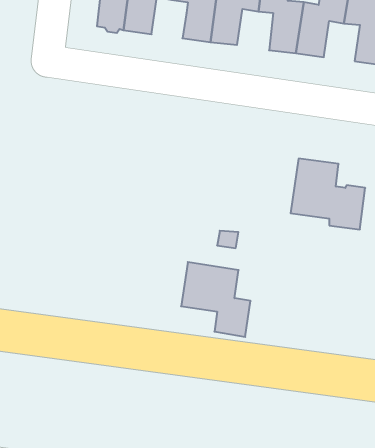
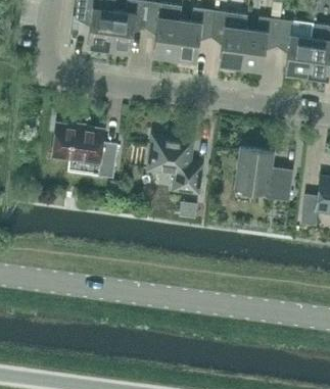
building: none -> [51,124,117,179]
building: [181,262,251,337] -> [148,136,201,193]

